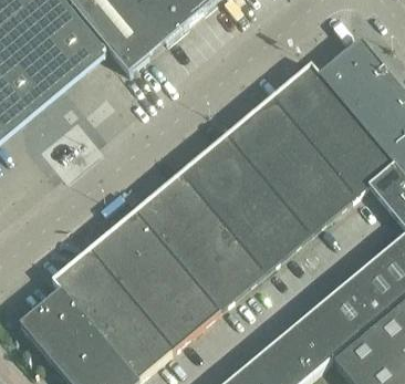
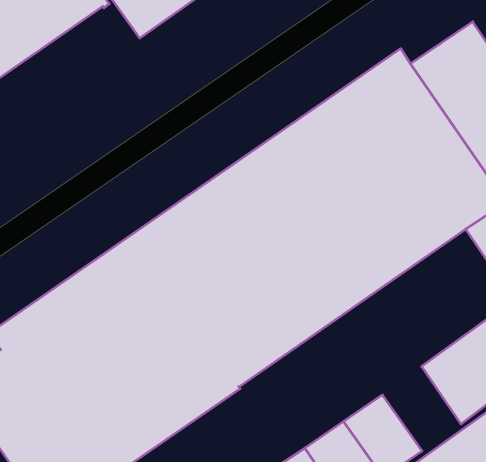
building: [321,282,377,341] -> none

